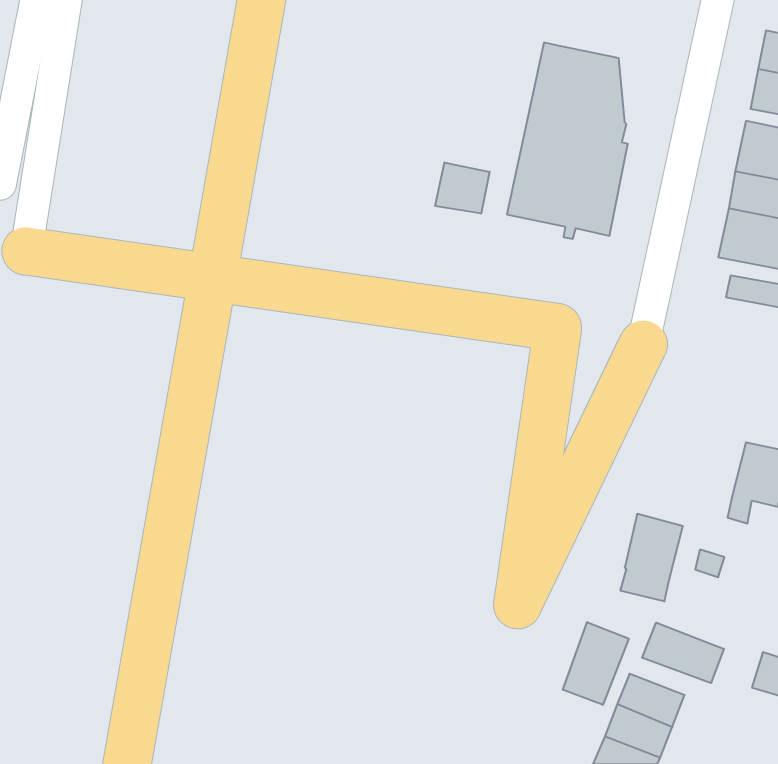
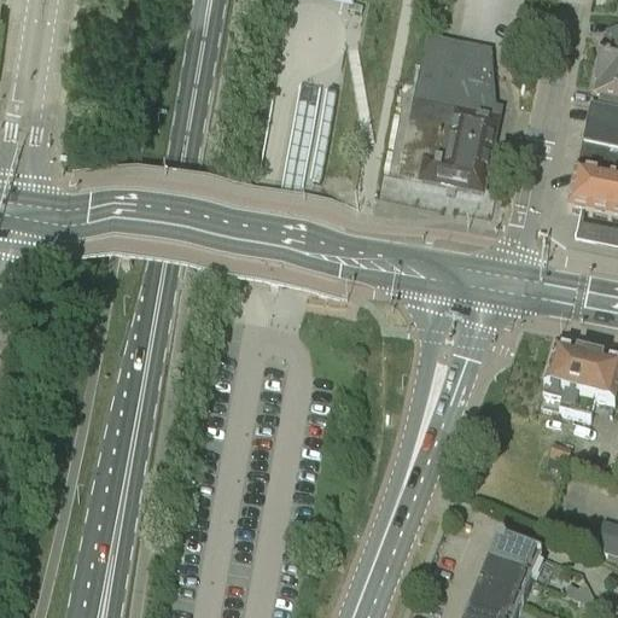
building: [435,162,490,214] -> none
building: [620,514,683,601] -> [542,339,591,408]
building: [563,622,629,705] -> none
building: [642,623,724,683] -> none

